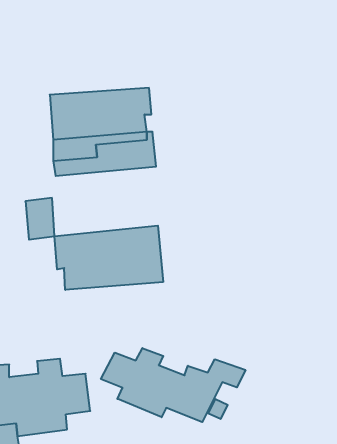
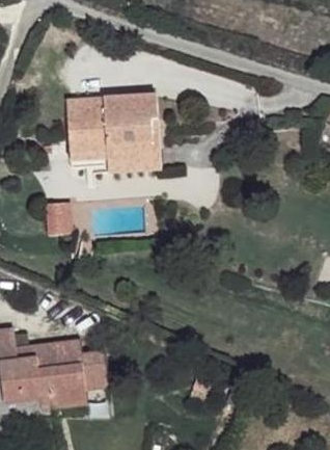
building: [54,226,163,290] -> none
building: [101,348,245,422] -> none

